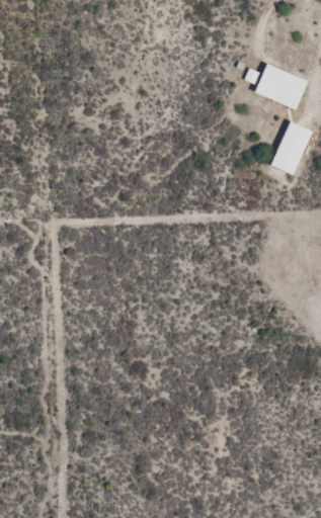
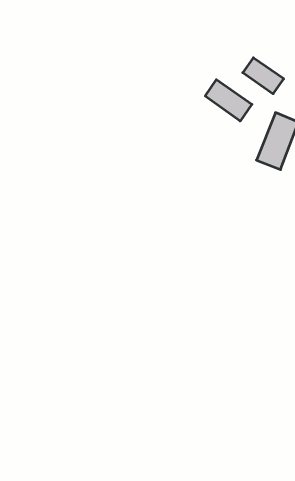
building: none -> [205,80,252,121]

